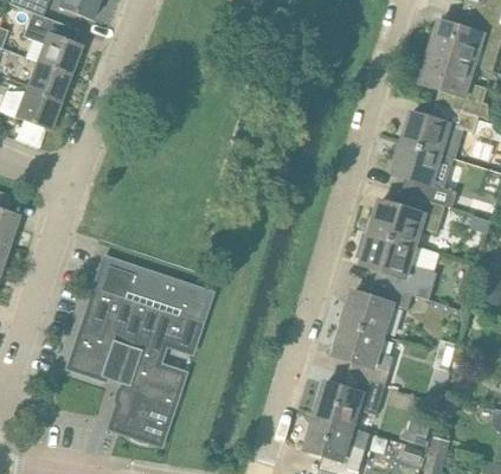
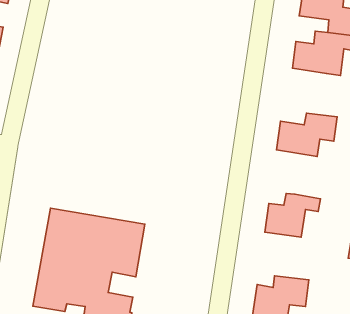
building: [392,140,457,205] -> none
building: [359,228,438,297] -> none
building: [334,321,394,383] -> none

